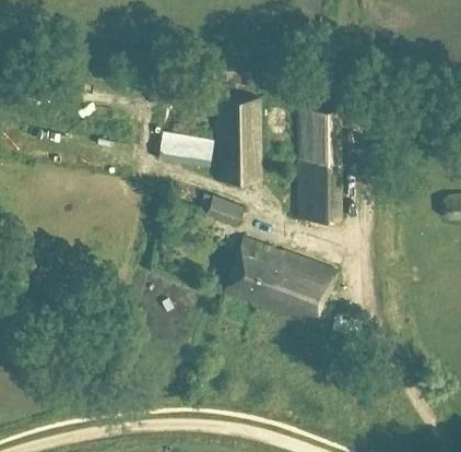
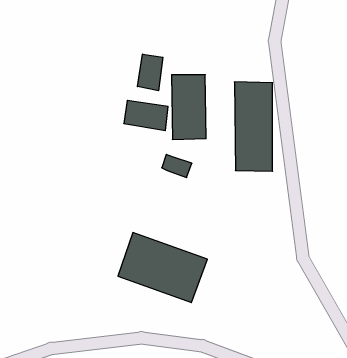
building: none -> [137,54,163,91]
building: [228,239,339,325] -> [118,233,207,303]

